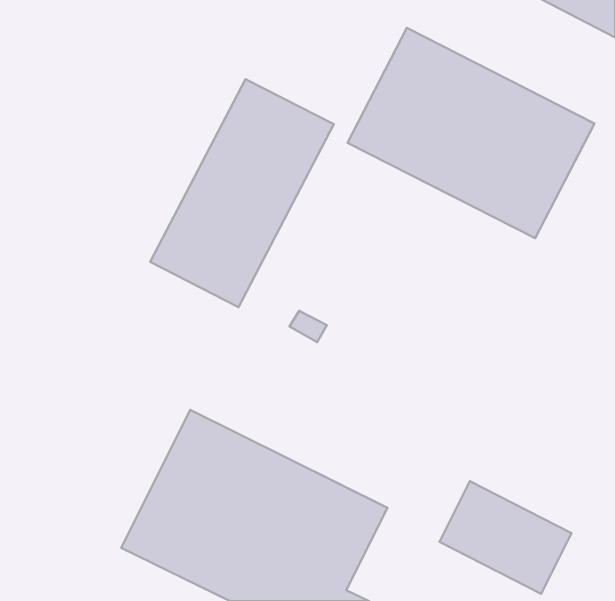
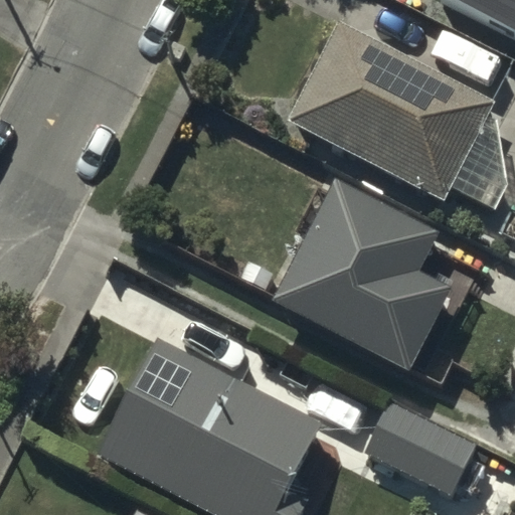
building: [150,79,334,307] -> none
building: none -> [273,181,453,374]

